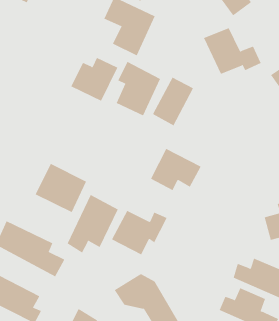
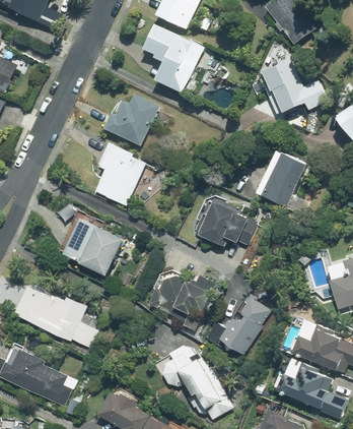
building: [116,61,161,116] -> [93,141,146,205]
building: [152,77,194,126] -> [260,150,308,208]
building: [67,194,119,253] -> none
building: none -> [219,295,272,353]

